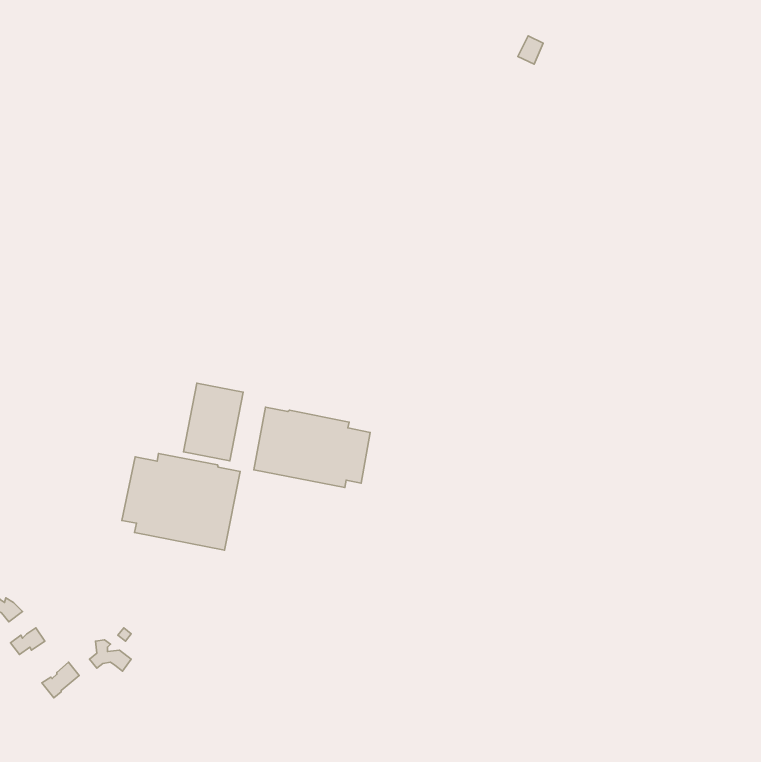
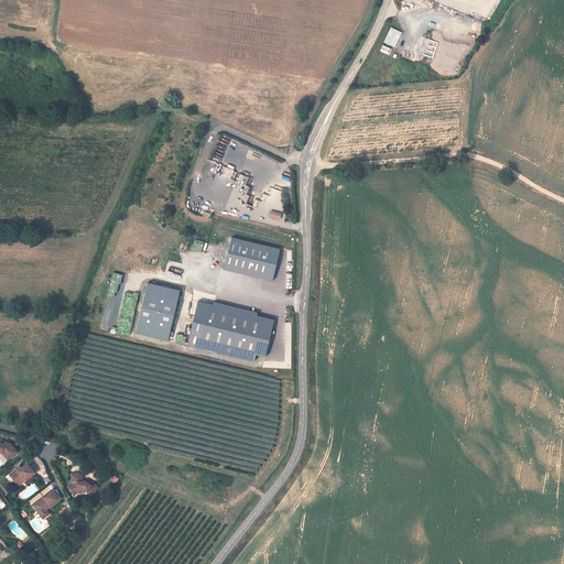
building: none -> [224,238,280,281]
building: [122,454,240,550] -> none

